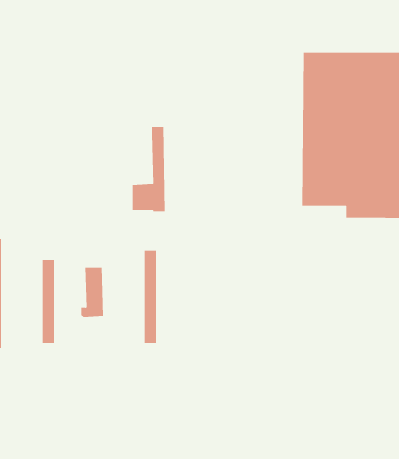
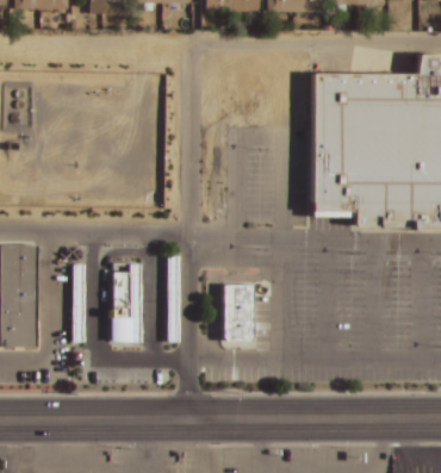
building: [132,127,166,212] -> [111,264,142,343]
building: none -> [223,284,253,340]

